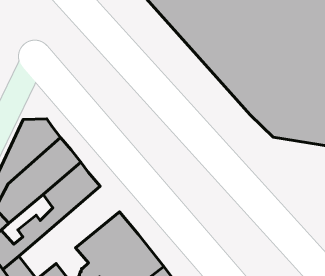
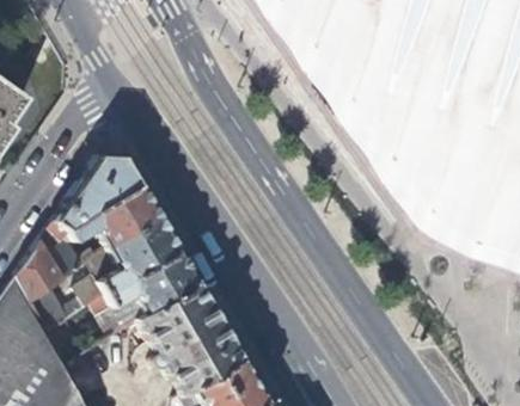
building: none -> [96,250,201,327]

